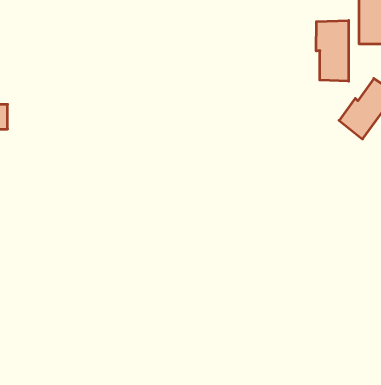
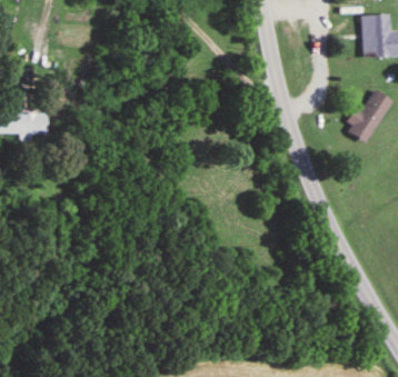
building: [316,20,349,81] -> none

